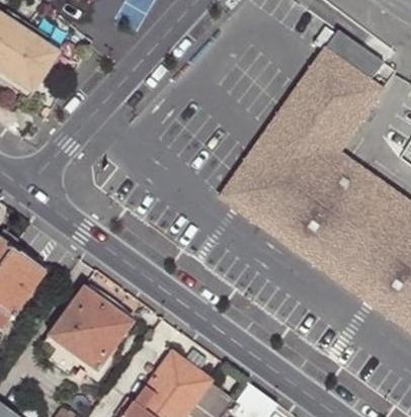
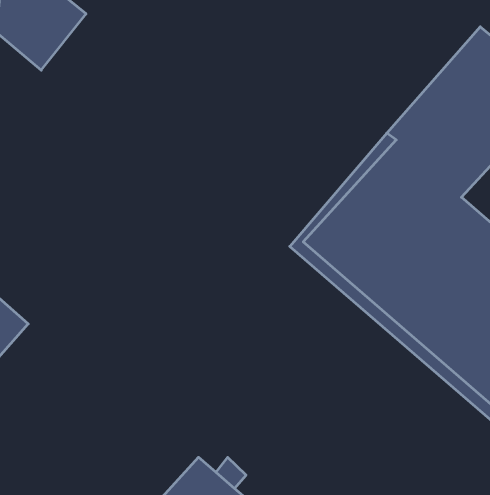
building: [44,285,131,376] -> none

